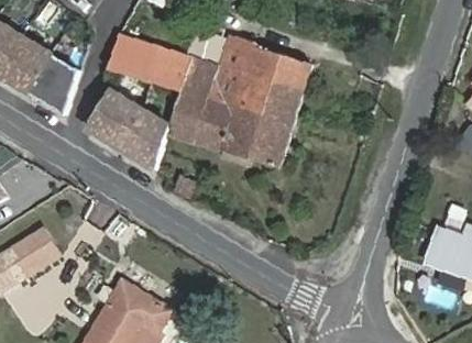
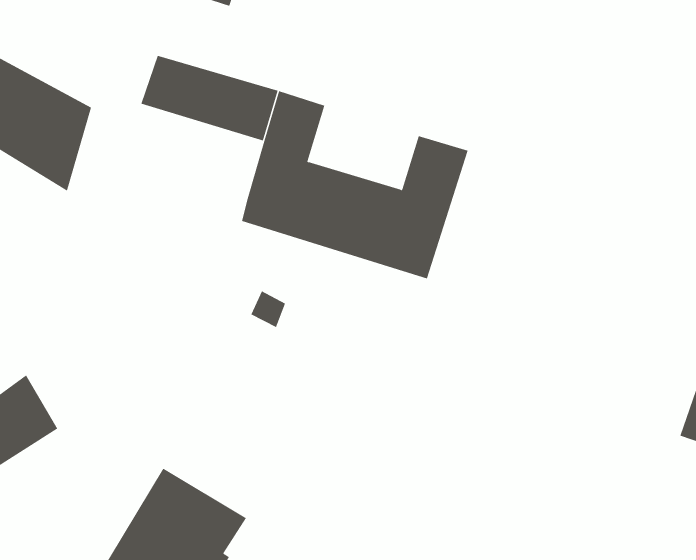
building: [208,37,311,115] -> none
building: [90,92,172,170] -> none

